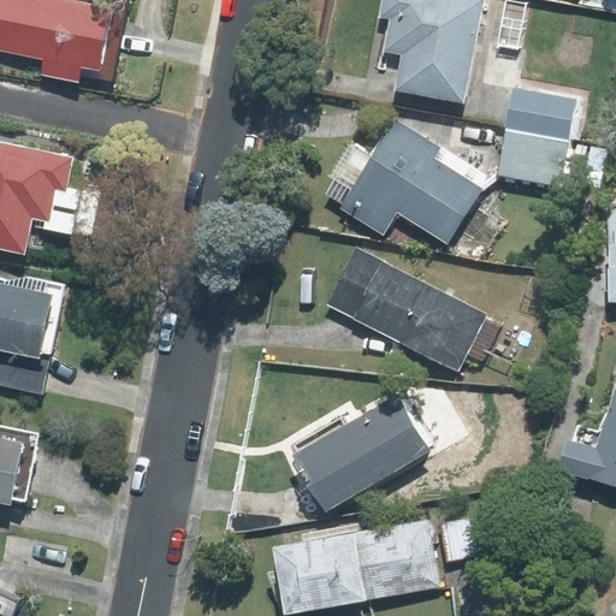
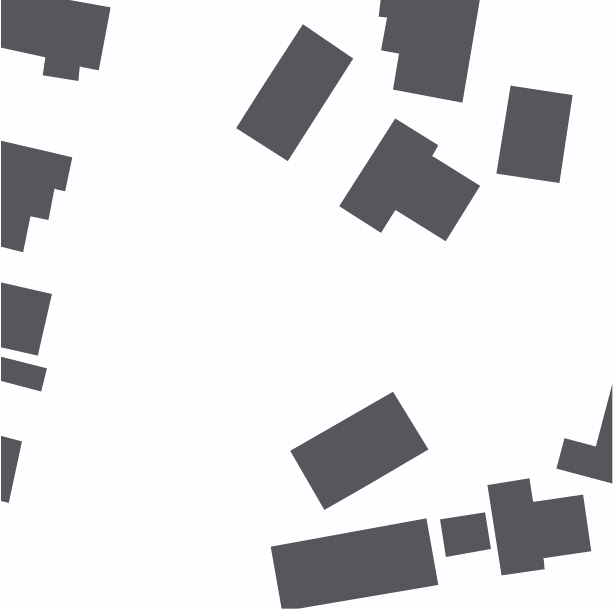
building: none -> [235,23,354,162]
building: [326,245,487,371] -> none
building: none -> [487,477,592,576]

